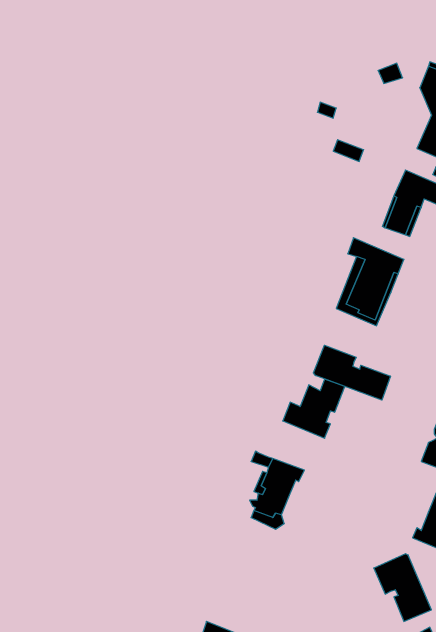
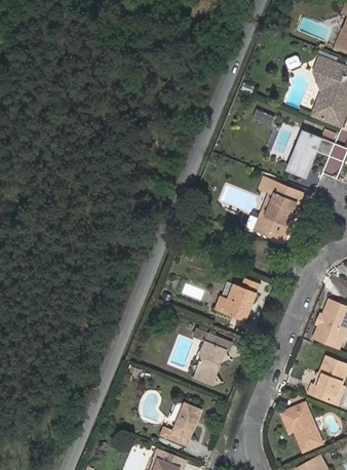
building: [313,345,390,400] -> none
building: none -> [170,401,202,445]

